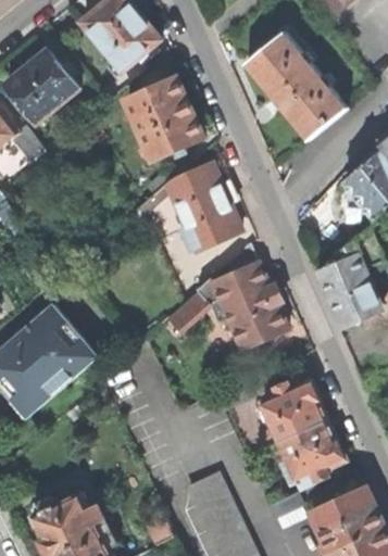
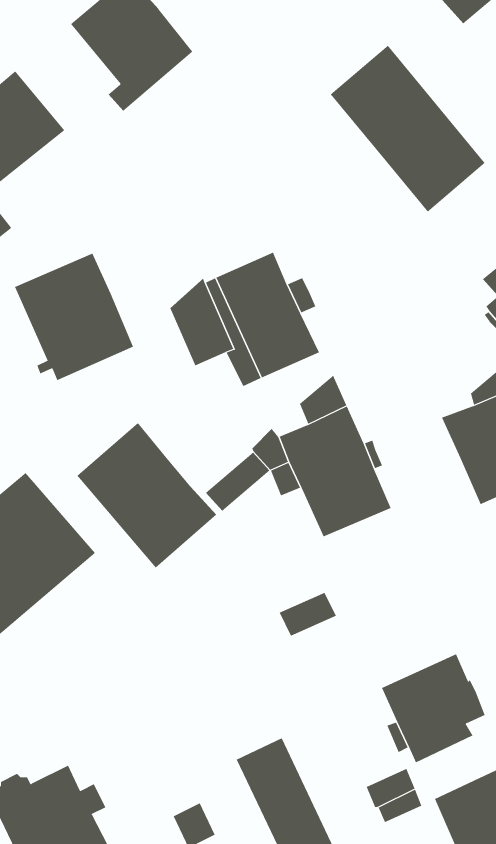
building: [126,77,202,159] -> [14,253,134,381]
building: none -> [77,422,217,568]
building: [261,377,327,442] -> none

